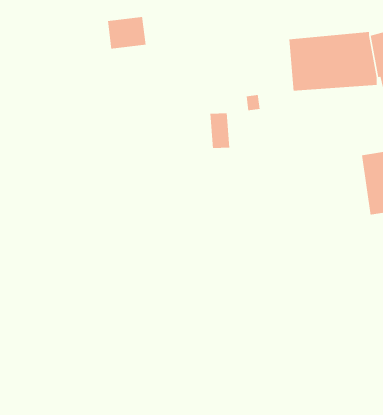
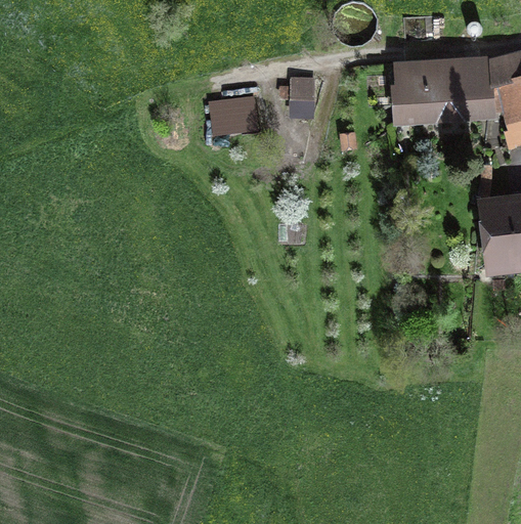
building: [107,17,146,49] -> [210,95,257,134]
building: [210,113,230,149] -> [289,75,313,118]

